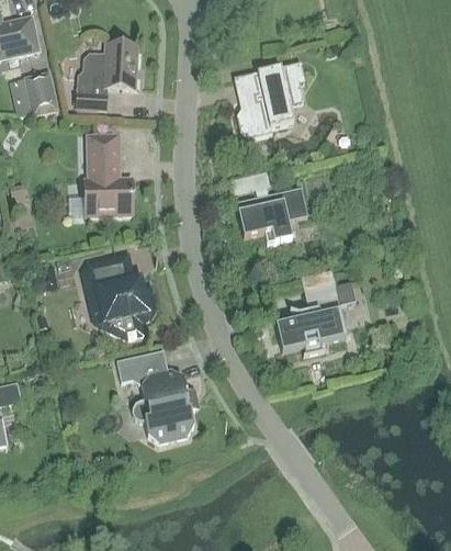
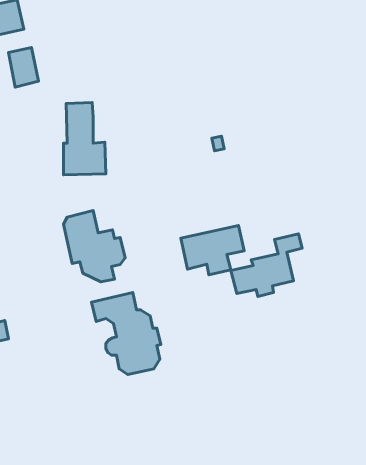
building: [75,40,136,109] -> none
building: [233,61,304,138] -> none
building: [235,187,307,243] -> [181,226,244,275]

